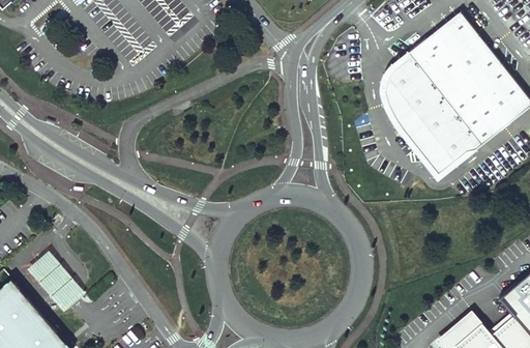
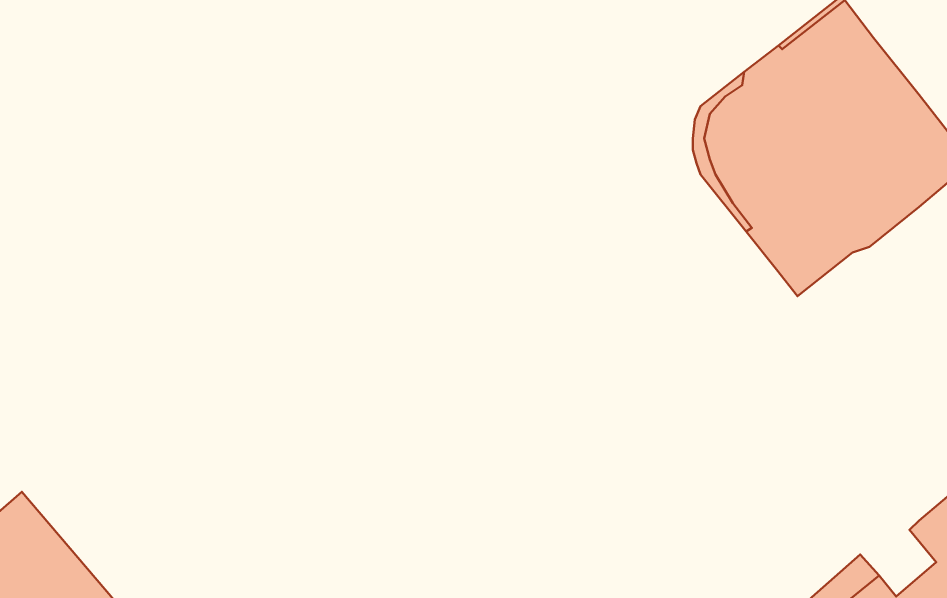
building: [30,250,86,309] -> none

